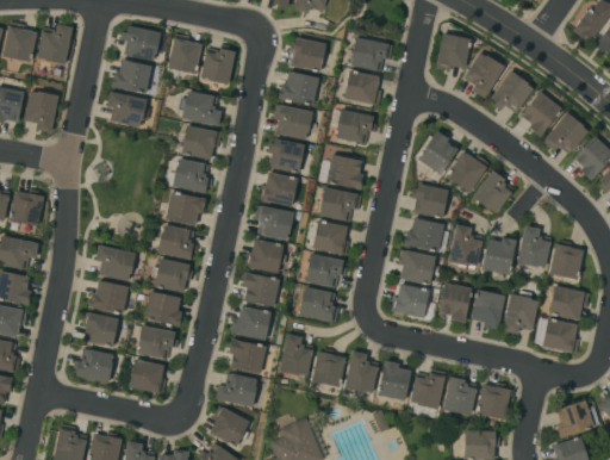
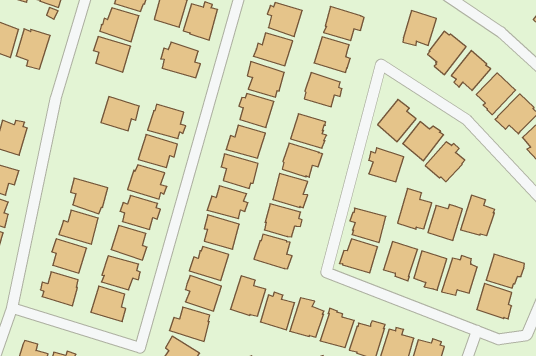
building: [181,125,220,160] -> [101,97,139,131]
building: [403,218,443,251] -> none
building: [549,241,583,280] -> none

